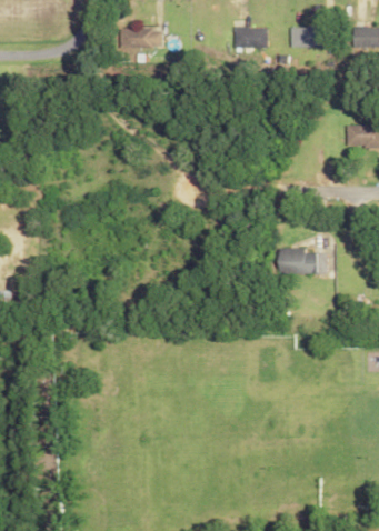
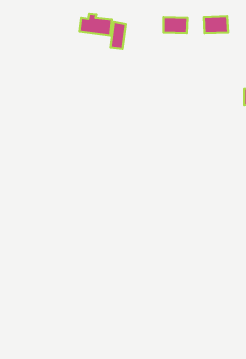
building: none -> [110,22,126,49]
building: [276,249,328,274] -> none

